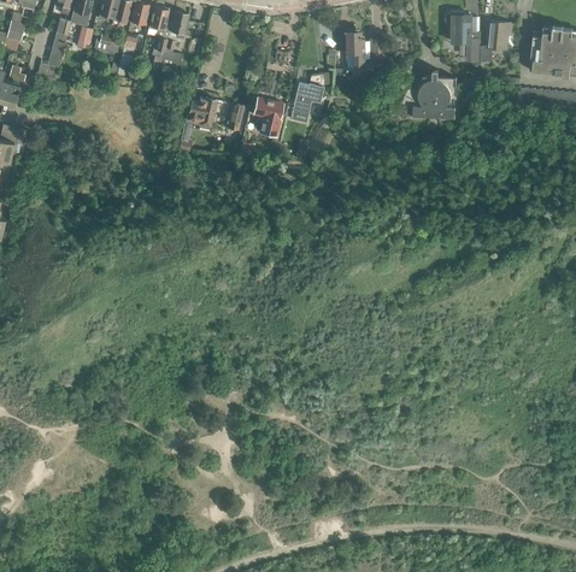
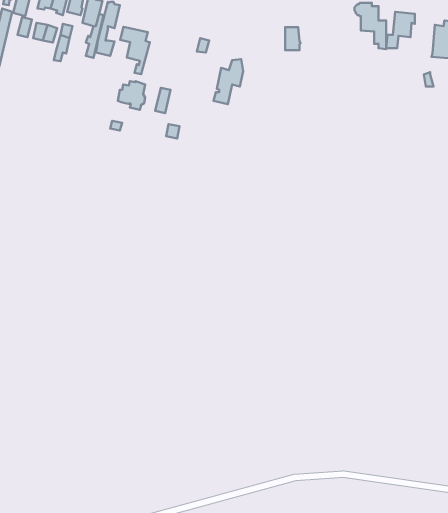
building: [345,29,364,69] -> none
building: [412,72,455,120] -> none
building: [253,99,286,151] -> [120,27,150,74]

